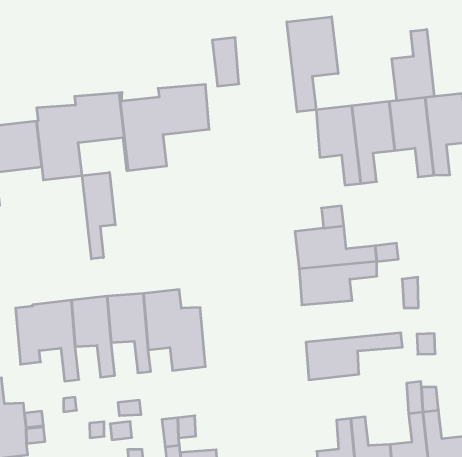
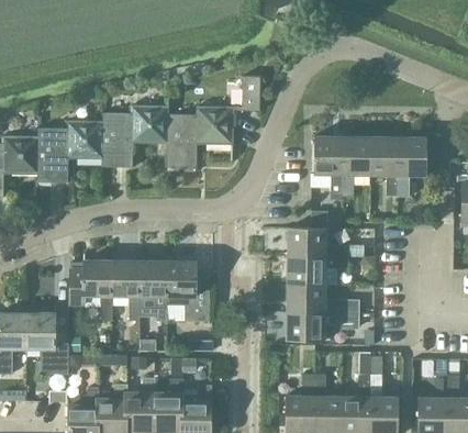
building: [287,17,338,112] -> none
building: [392,29,434,101] -> none
building: [82,172,115,259] -> none
building: none -> [287,285,359,314]

